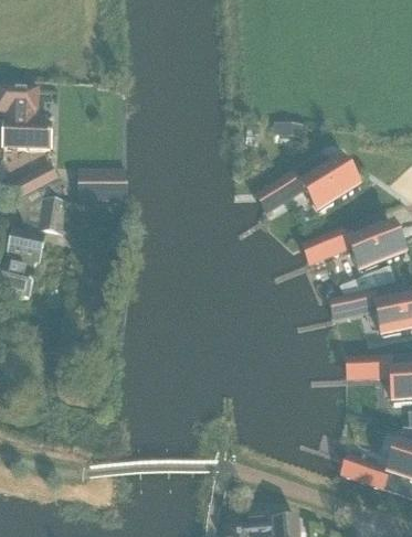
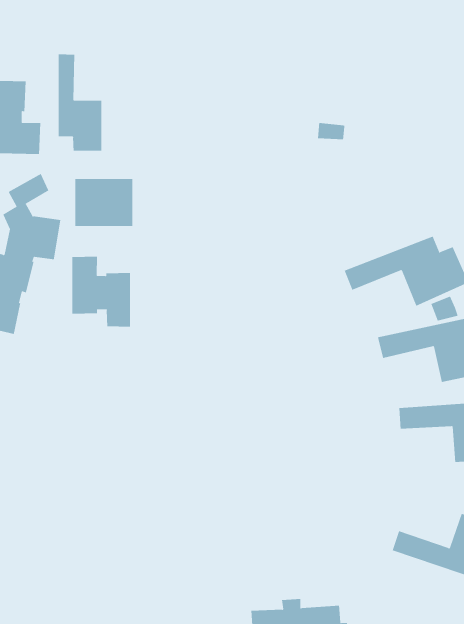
building: none -> [58,53,102,151]
building: [255,151,359,212] -> none
building: none -> [72,256,130,327]

